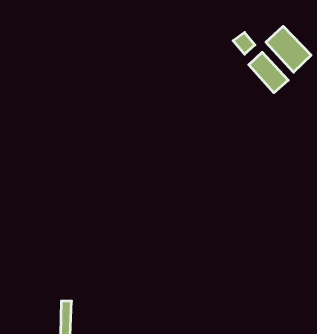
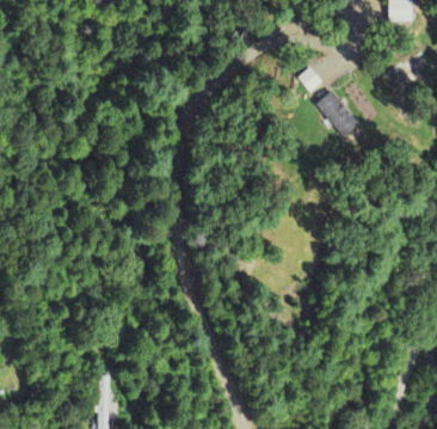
building: [266,26,311,72] -> none

